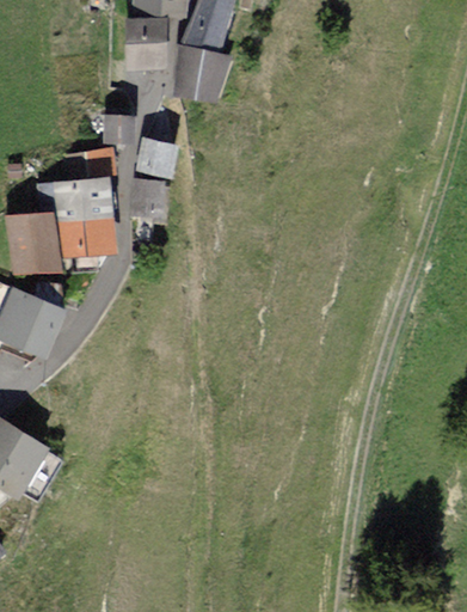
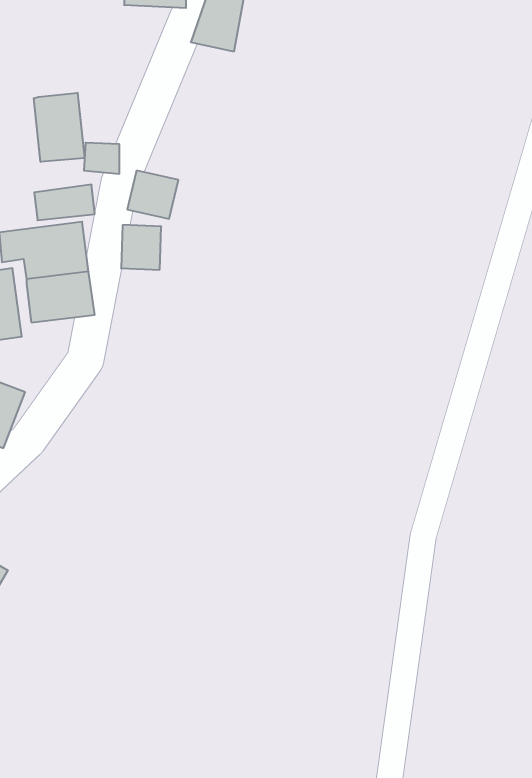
building: [128,20,166,65] -> none
building: [176,50,223,97] -> none
building: none -> [34,93,85,162]

